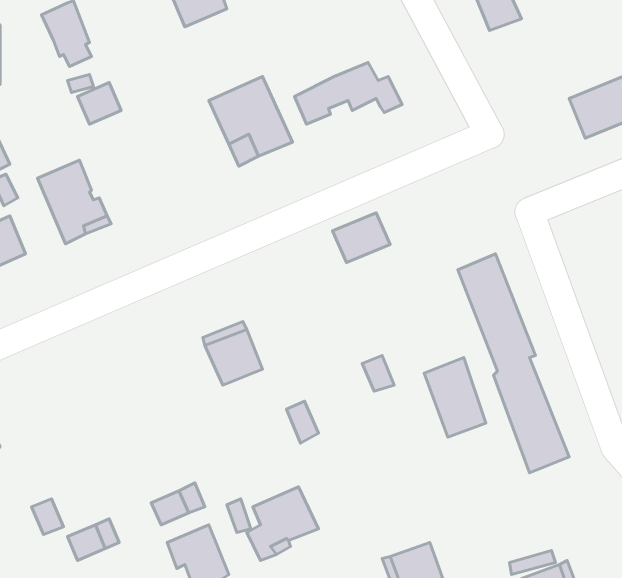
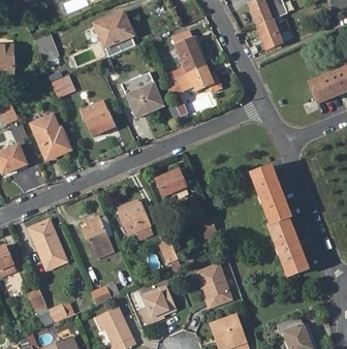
building: none -> [175,37,204,72]
building: none -> [81,100,114,136]
building: [332,213,390,263] -> [156,169,186,195]
building: none -> [82,216,112,258]
building: [424,357,486,437] -> [198,263,230,305]
building: none -> [30,220,66,271]

